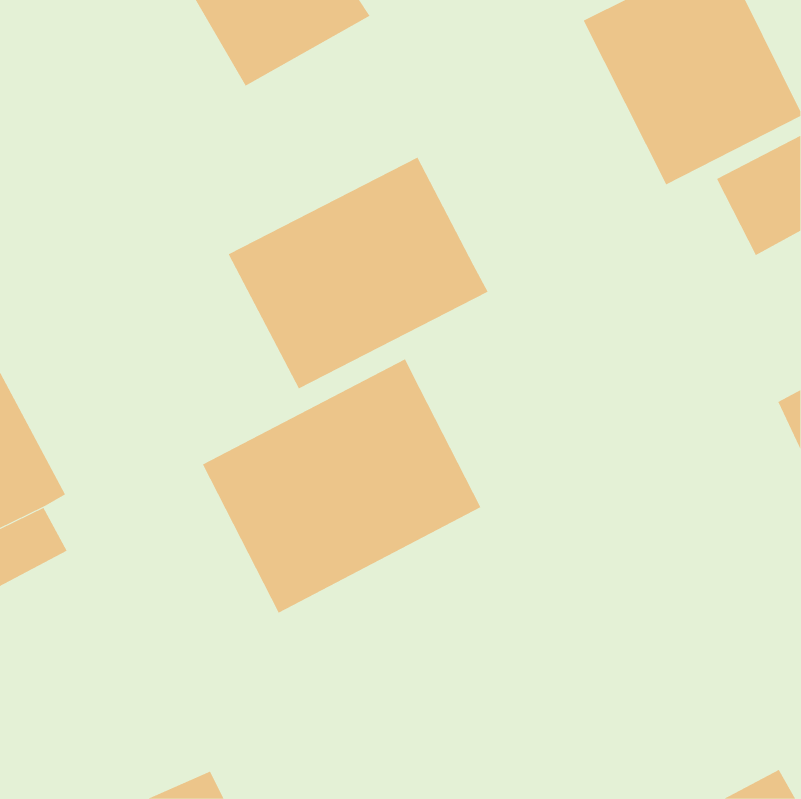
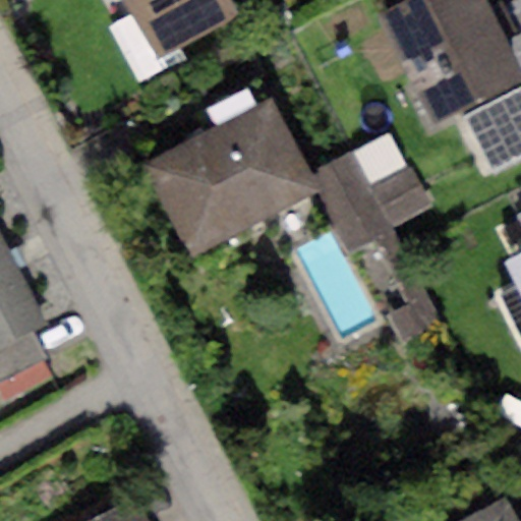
building: none -> [307,149,440,340]
building: [202,358,481,613] -> none

